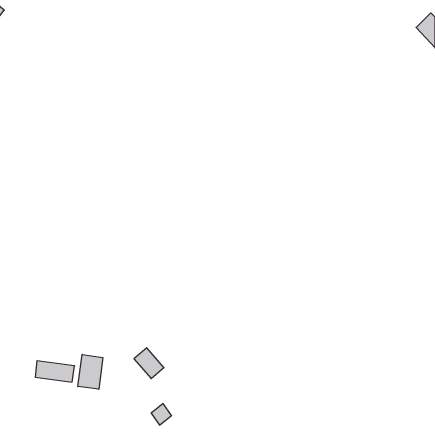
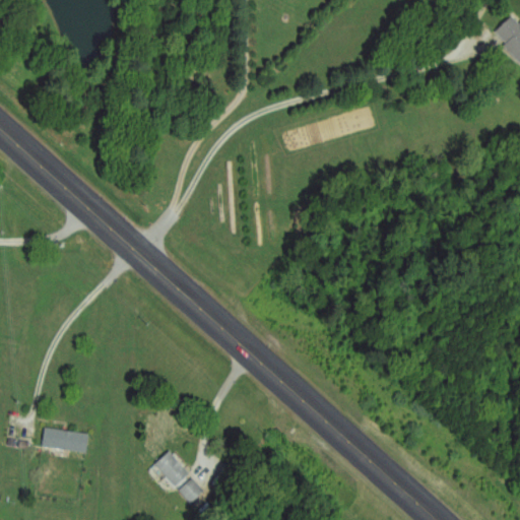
building: [134,348,164,379] -> [153,451,189,488]
building: [78,354,103,389] -> none

